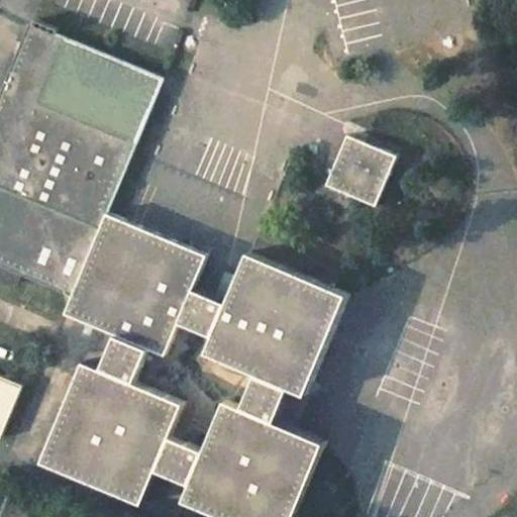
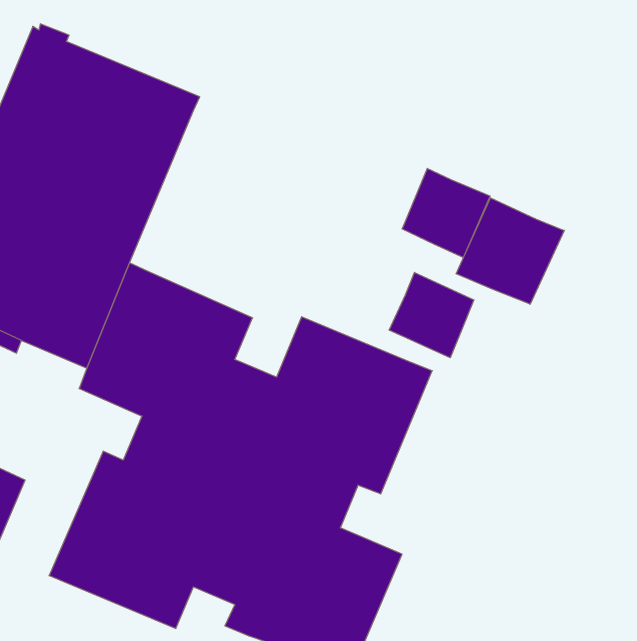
building: none -> [456,198,564,304]
building: none -> [389,272,474,358]

